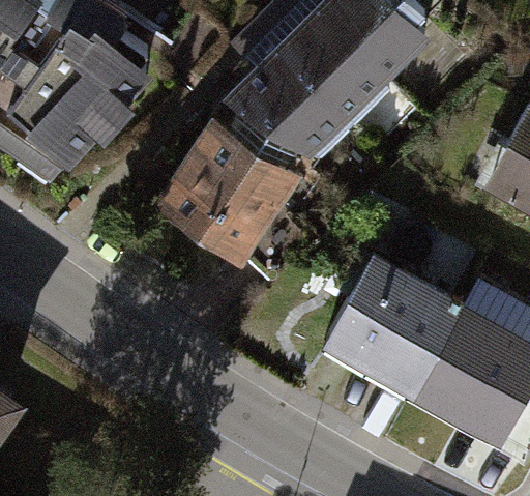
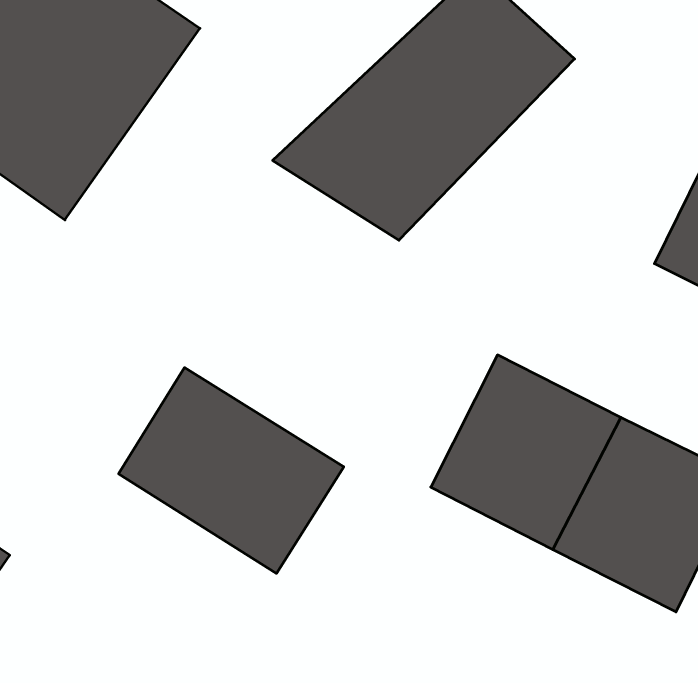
building: [155,121,300,265] -> none
building: none -> [119,368,344,573]

